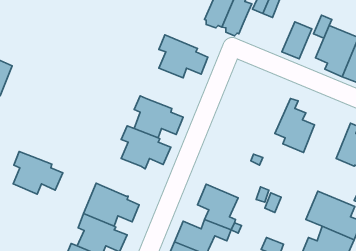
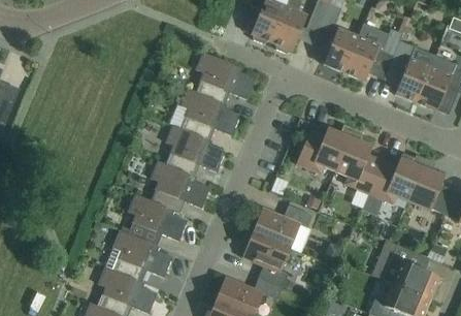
building: none -> [323,28,359,72]
building: none -> [180,89,240,139]
building: none -> [296,124,354,171]
building: none -> [369,153,426,203]
building: [13,151,63,194] -> [128,194,188,246]
building: none -> [253,204,312,248]

